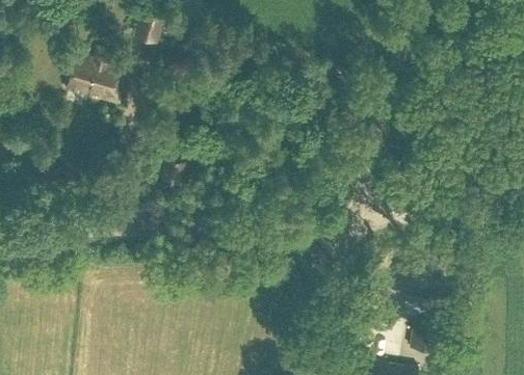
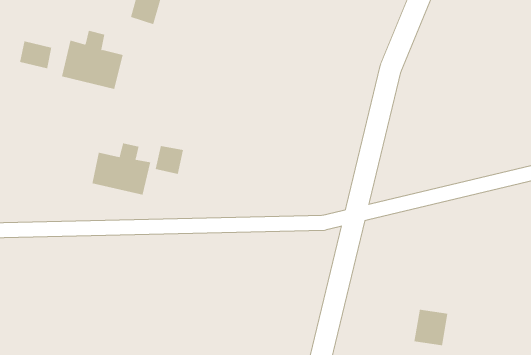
building: none -> [20,41,52,69]
building: none -> [92,143,151,195]

